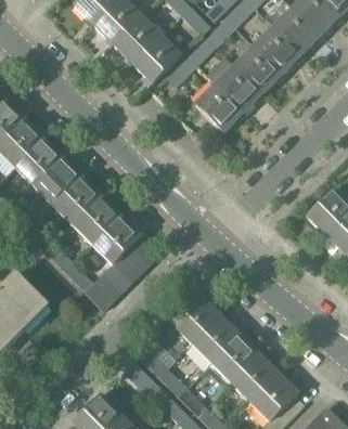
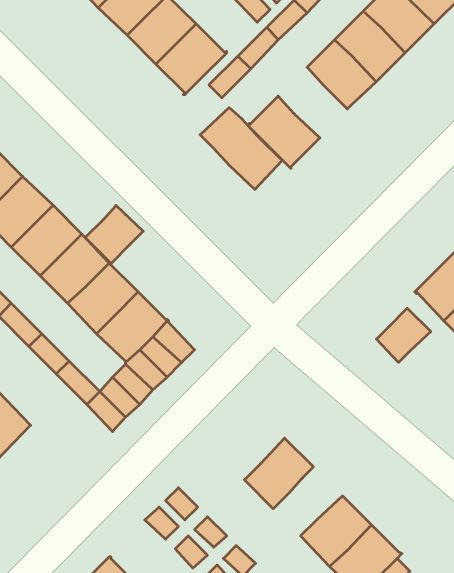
building: [206,57,261,113] -> [200,108,282,189]
building: none -> [85,205,143,263]
building: none -> [376,308,431,362]
building: [172,296,219,343] -> none
building: [211,335,258,381] -> none

